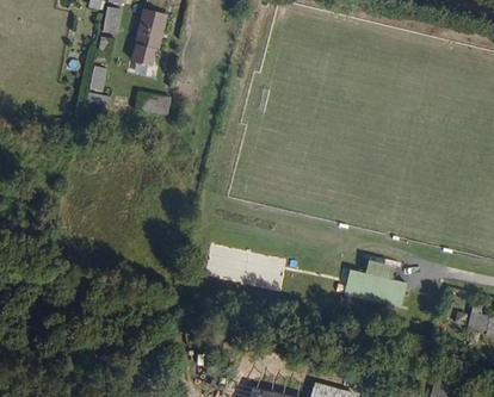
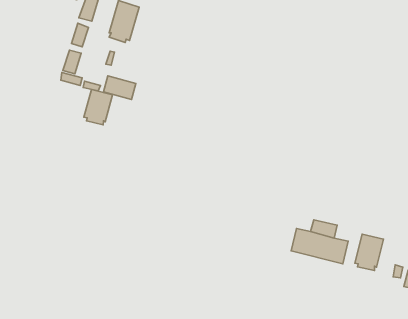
building: none -> [84,89,113,125]
building: none -> [355,234,384,270]

